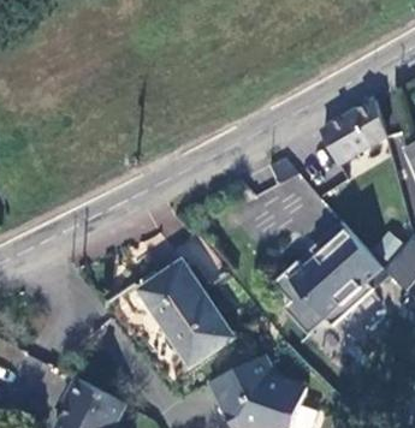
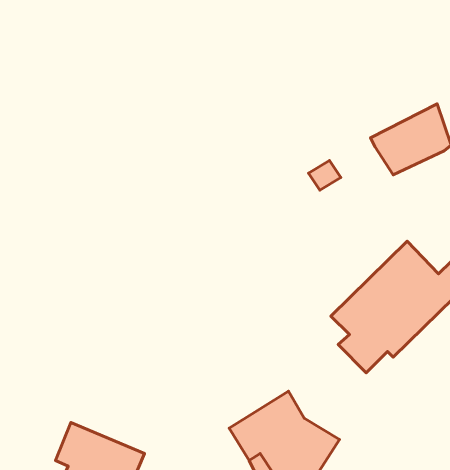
building: [135,264,219,355] -> none

